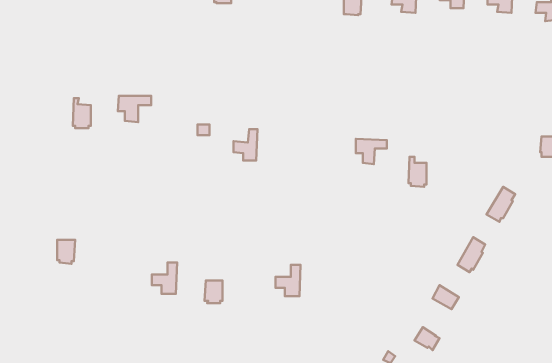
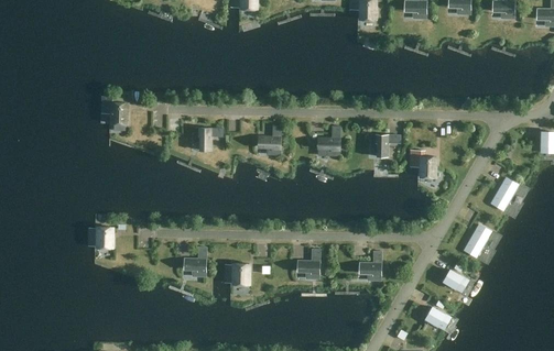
building: [118,96,151,122] -> [192,128,222,152]
building: none -> [316,125,339,156]
building: none -> [358,251,381,281]

